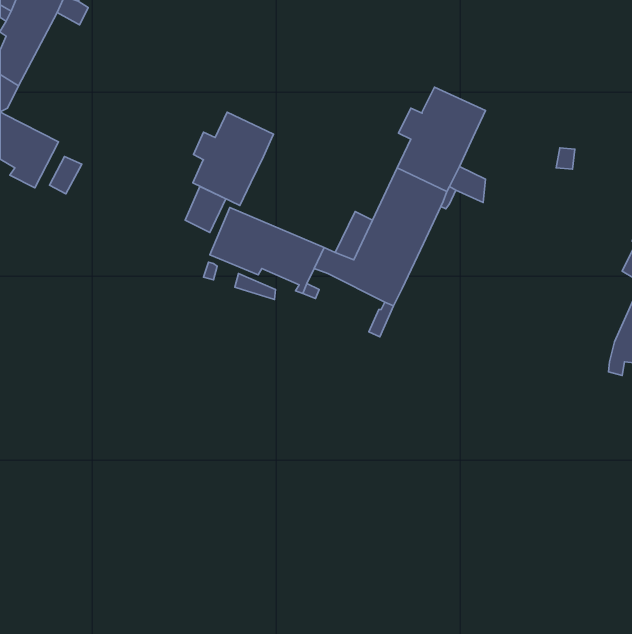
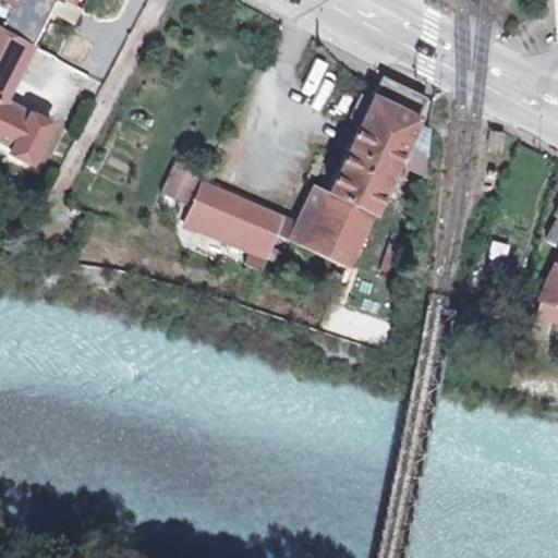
building: [193,112,273,206] -> none

